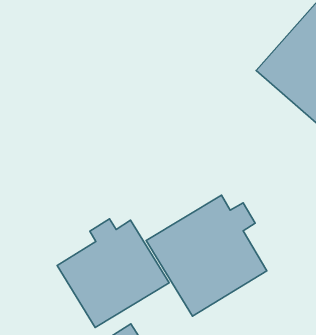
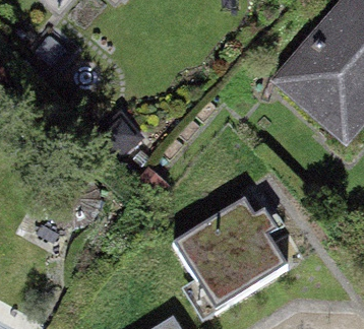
building: [57,219,169,328] -> none

